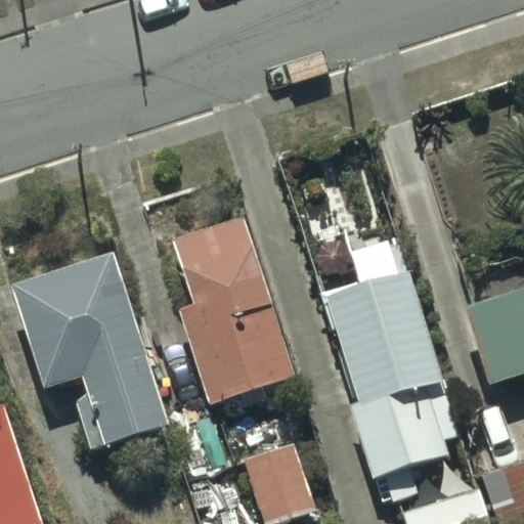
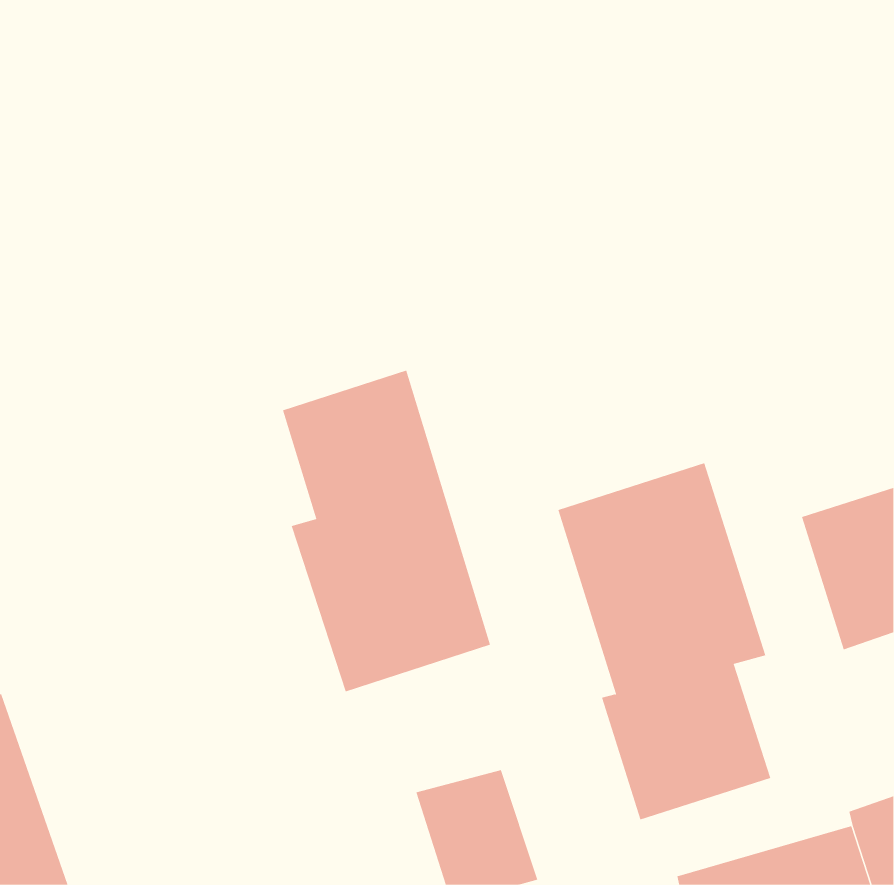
building: [14,252,174,451] -> none

